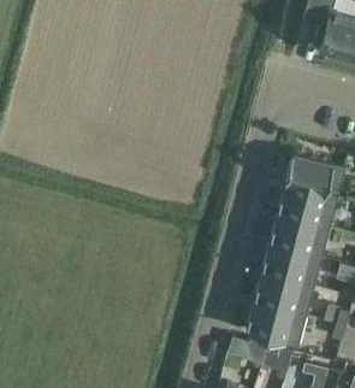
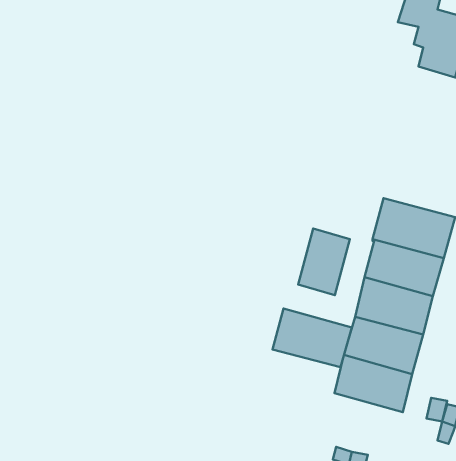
building: none -> [298,228,350,295]
building: [247,301,307,346] -> [272,308,352,367]

